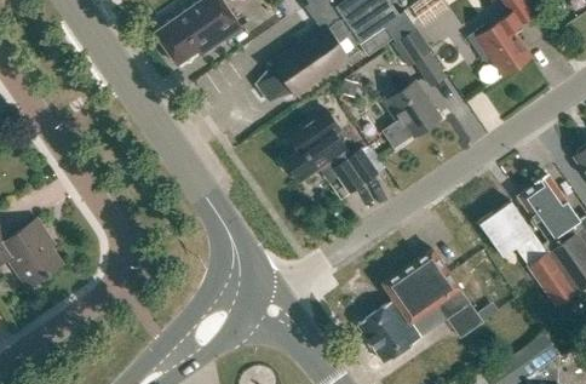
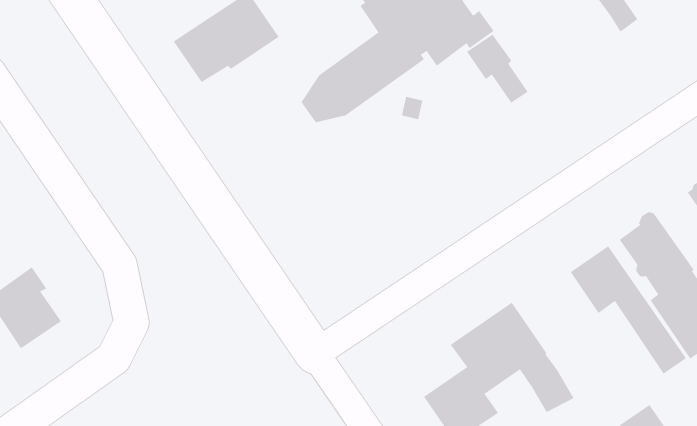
building: [469,21,533,79] -> none
building: [381,81,442,138] -> none
building: [281,108,347,178] -> none
building: [333,149,378,193] -> none

